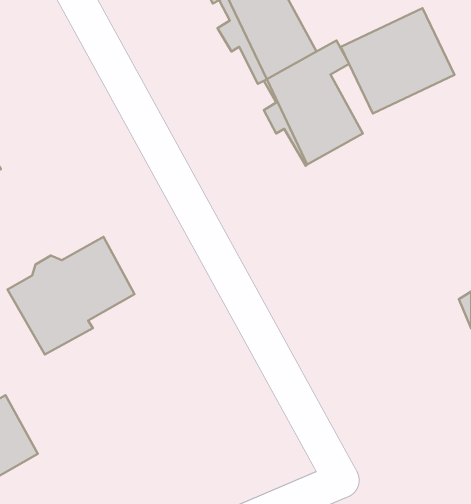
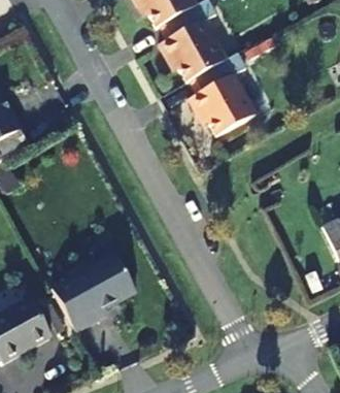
building: [341,8,455,114] -> none
building: [8,237,134,354] -> [46,254,131,332]

